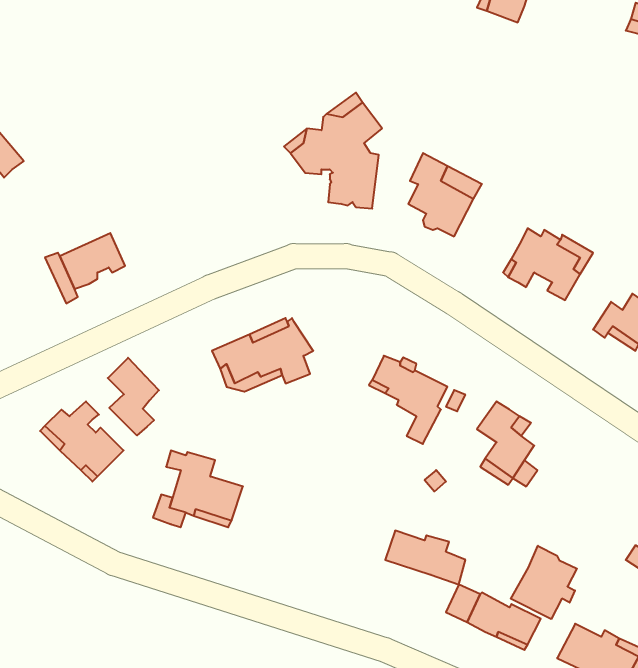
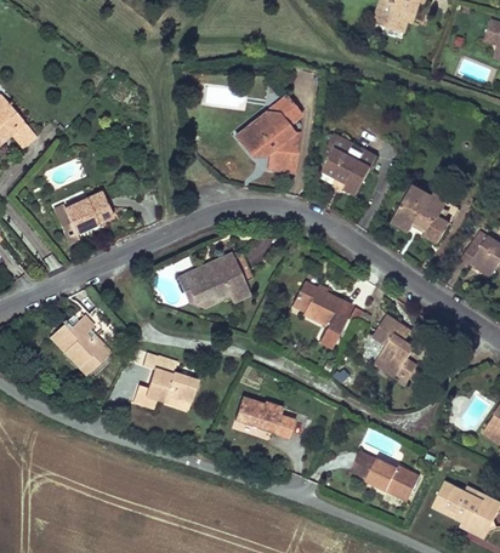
building: [108,358,159,435] -> none
building: [385,531,465,584] -> [235,398,295,438]
building: [511,546,577,619] -> none

